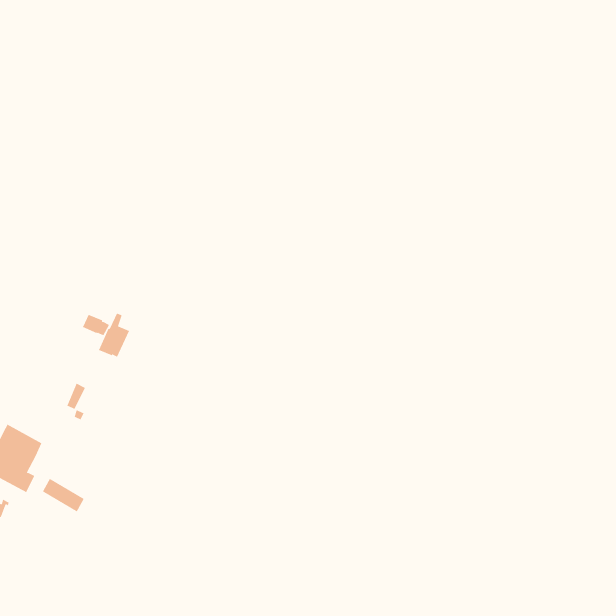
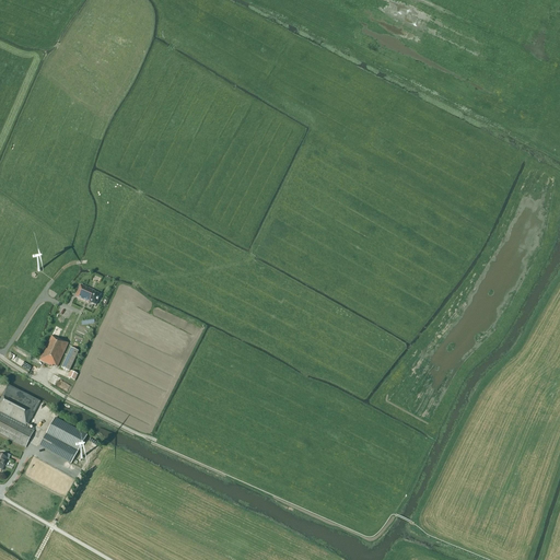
building: [98,313,130,357] -> [38,326,67,366]
building: none -> [45,418,86,452]

